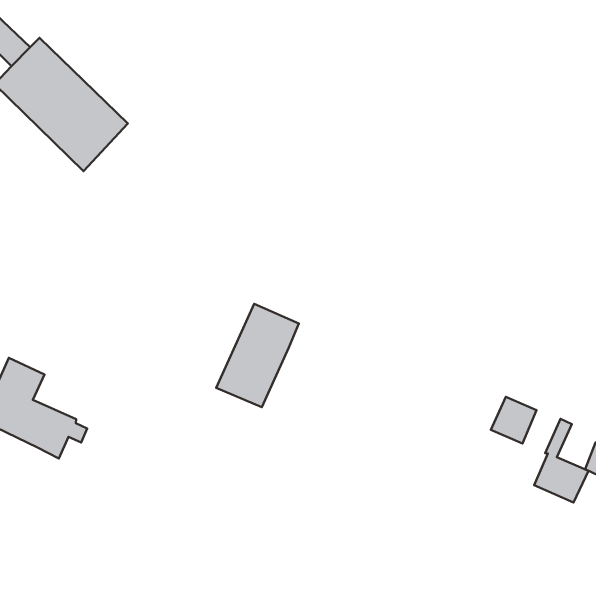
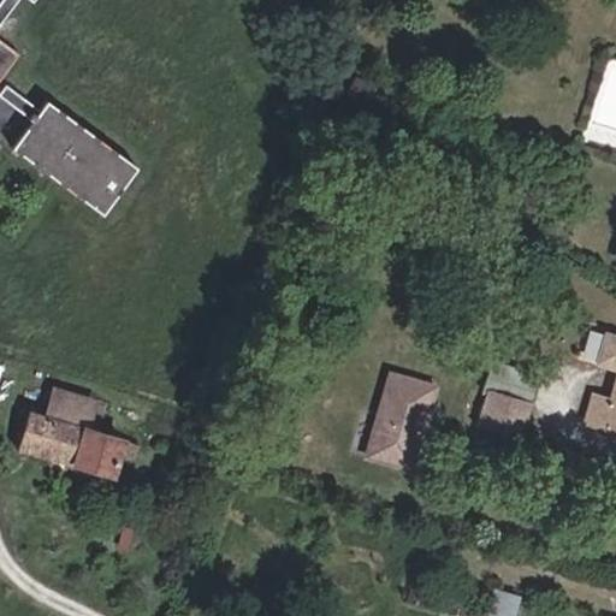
building: [216,304,299,407] -> [367,374,433,466]
building: [534,419,589,503] -> [478,362,525,436]

